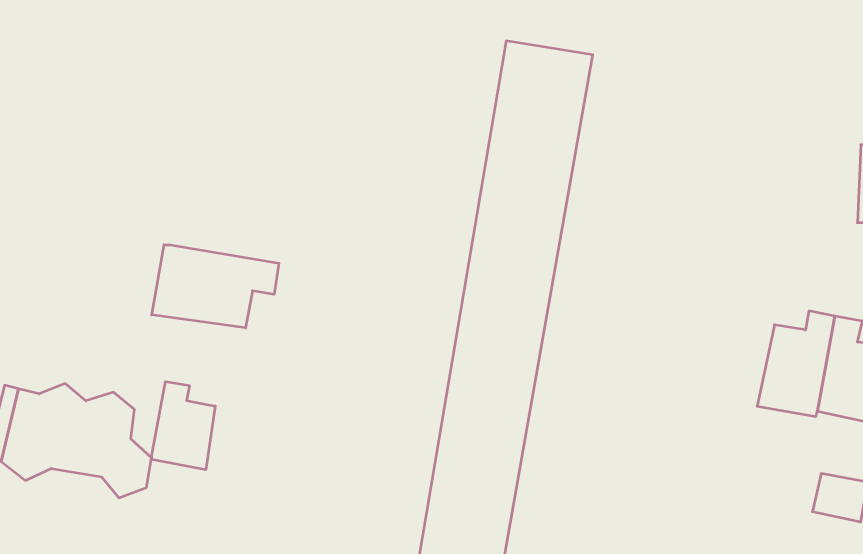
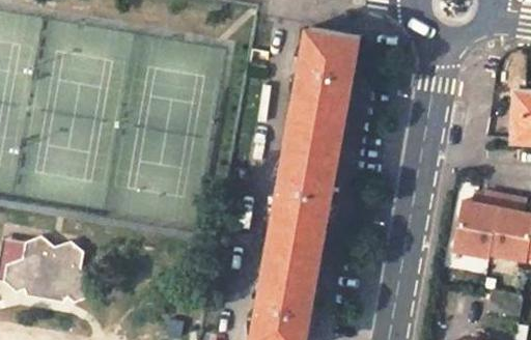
building: [152,245,279,328] -> none
building: [152,382,215,470] -> none

